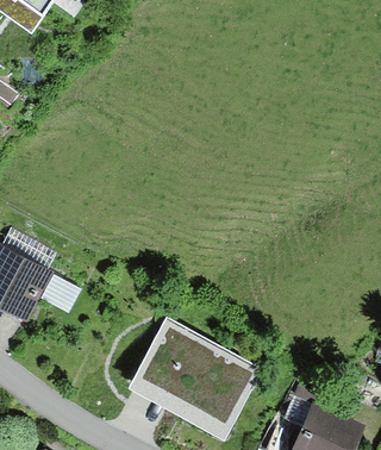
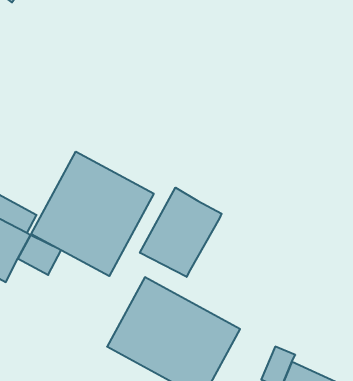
building: none -> [31,152,154,276]
building: none -> [140,188,222,277]

